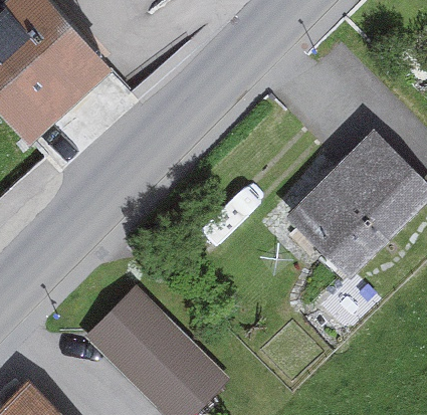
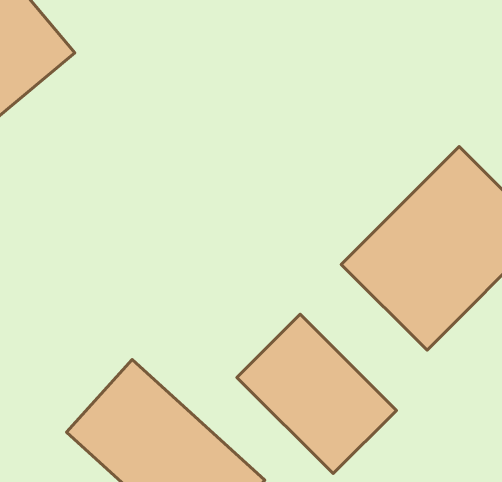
building: none -> [237,314,397,474]

